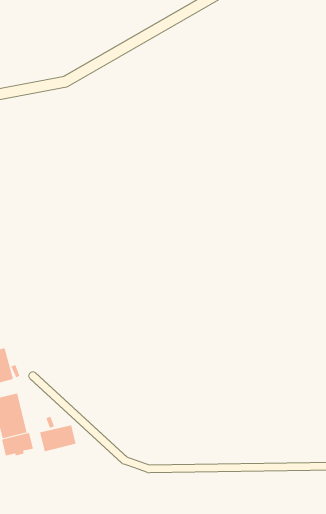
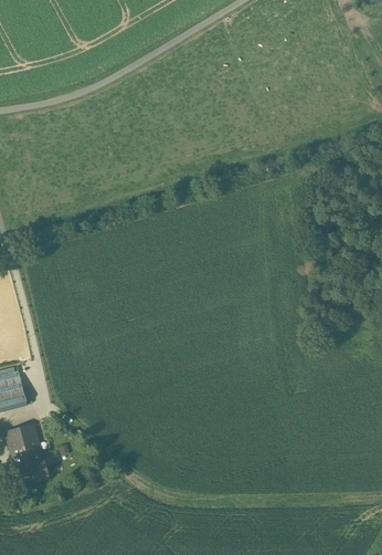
building: [39,424,76,452] -> none

